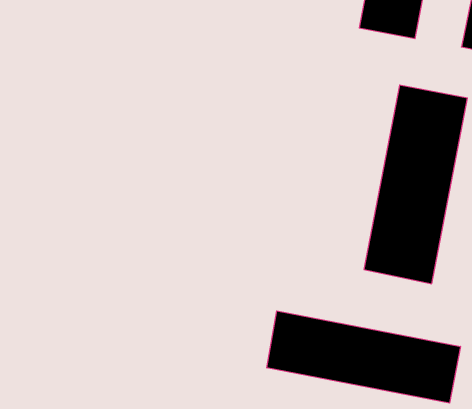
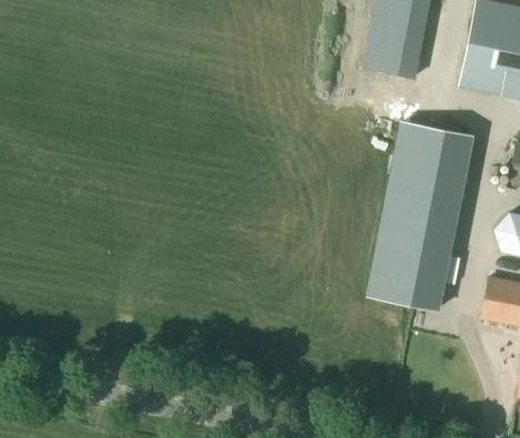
building: [267,311,460,403] -> none

